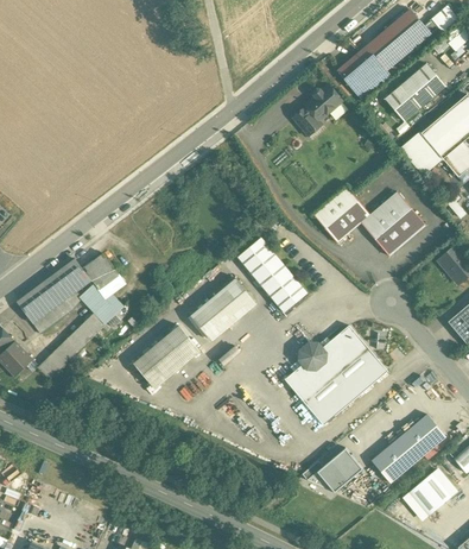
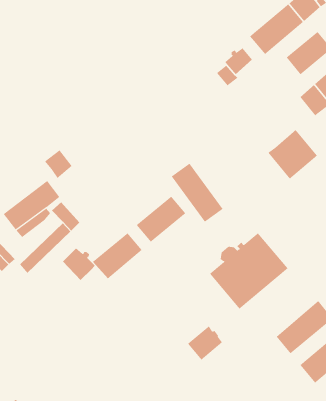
building: [315,188,370,242] -> none
building: [83,253,120,291] -> [44,150,73,179]
building: none -> [62,248,96,281]
building: [317,448,363,493] -> [187,326,223,360]

